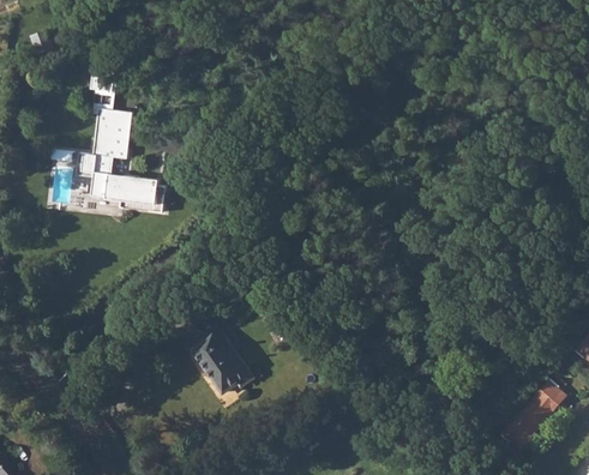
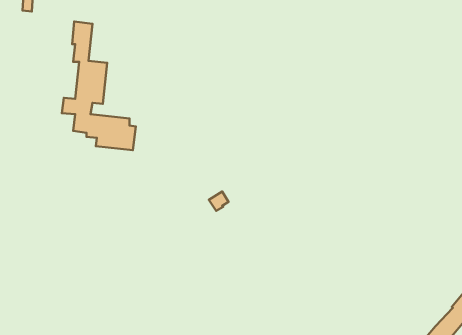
building: [188,325,252,393] -> none

